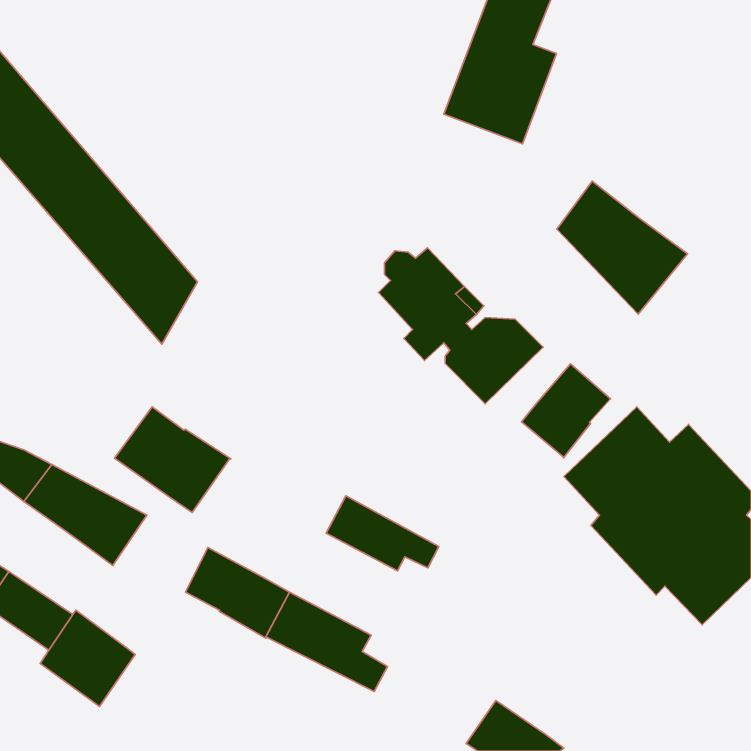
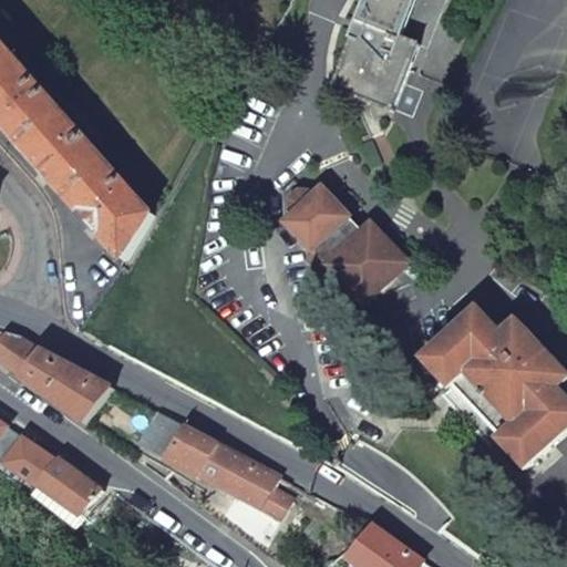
building: [557,181,687,314] -> none
building: [522,364,611,458] -> none
building: [114,407,231,512] -> none
building: [326,496,439,571] -> none

